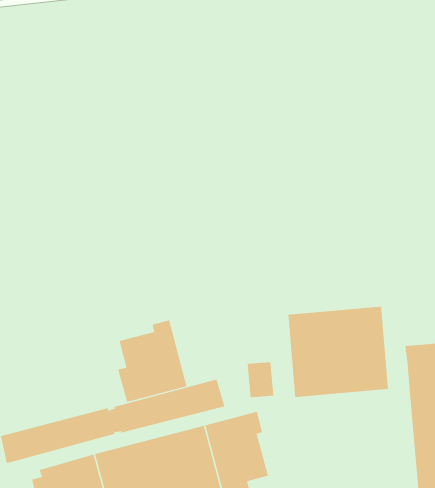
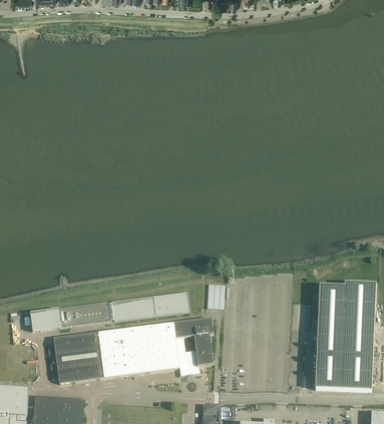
building: [288,306,388,398] -> none
building: [118,320,187,402] -> none

